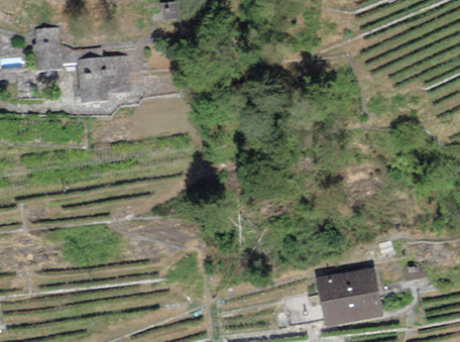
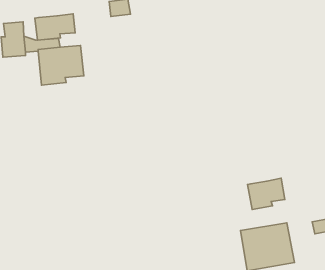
building: none -> [35,14,75,40]
building: none -> [248,178,285,210]

